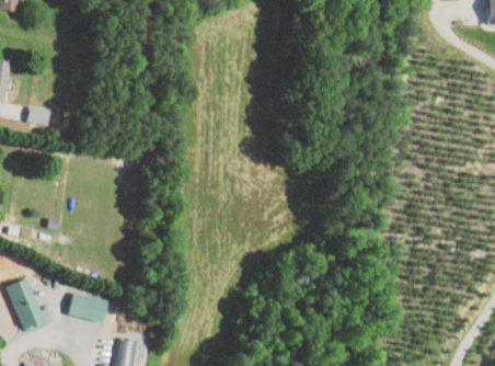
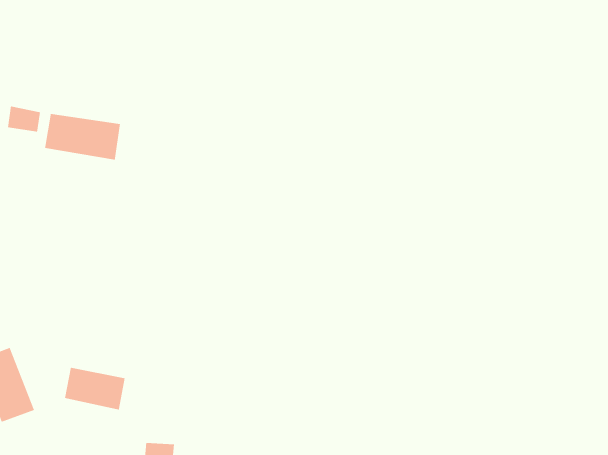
building: none -> [45,113,121,161]

